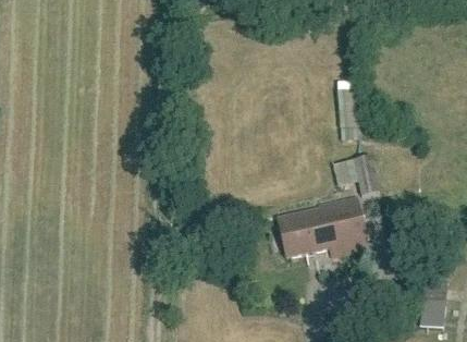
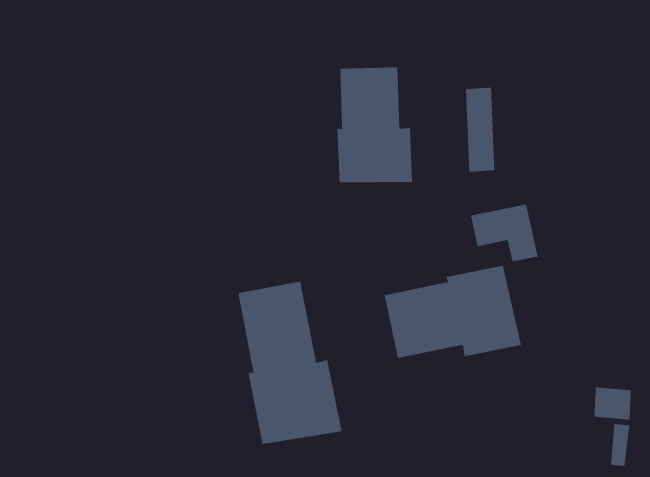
building: none -> [337,67,413,183]
building: none -> [238,281,342,445]

